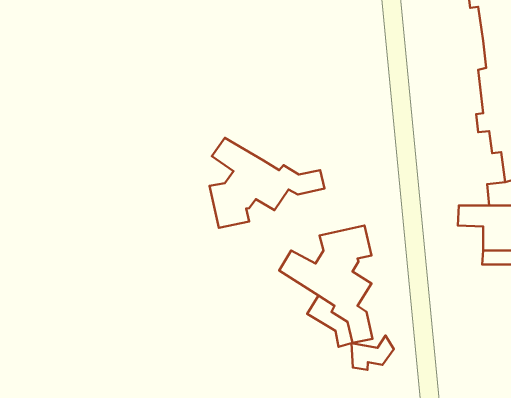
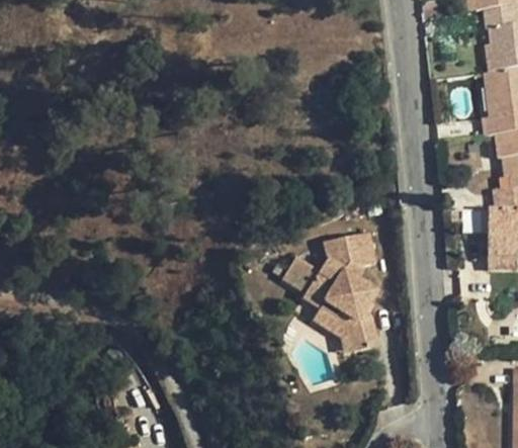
building: [210,138,325,228] -> none
building: [352,336,394,370] -> none

